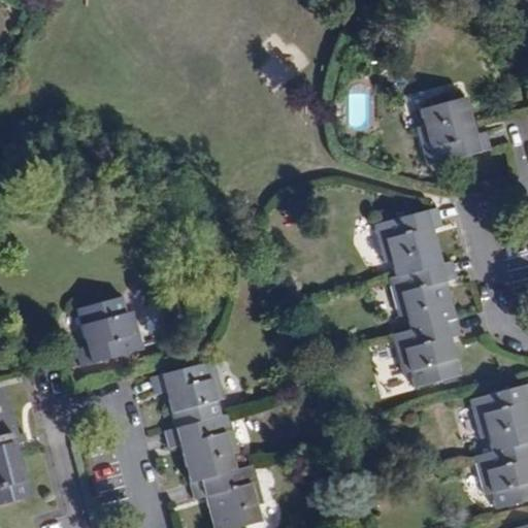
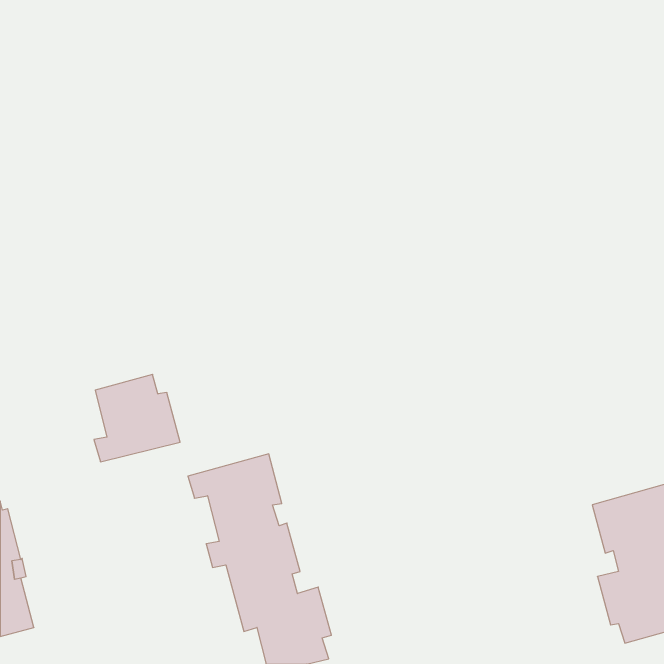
building: [417,96,491,166] -> none
building: [374,206,461,387] -> none

